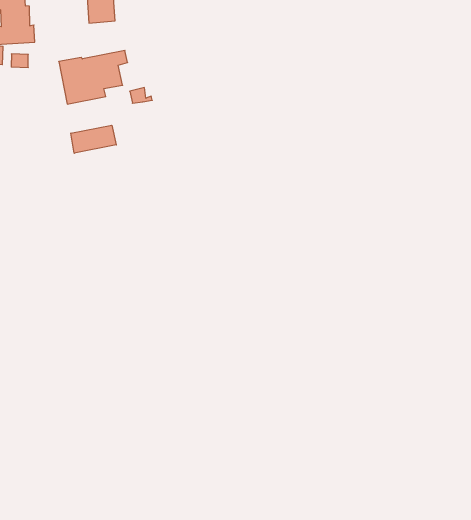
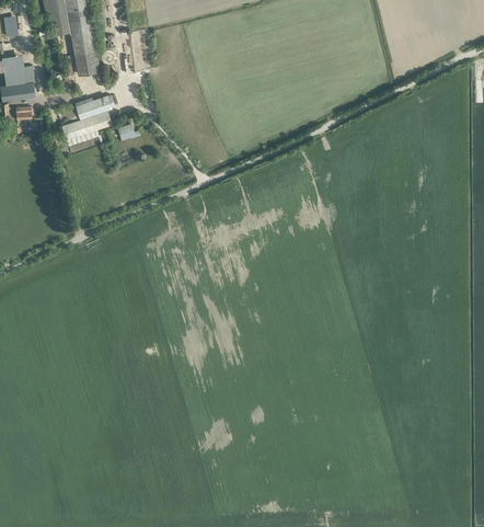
building: [71,125,116,153] -> none

